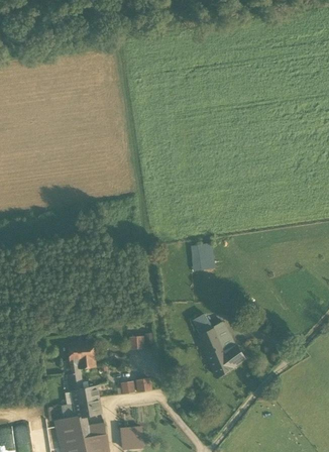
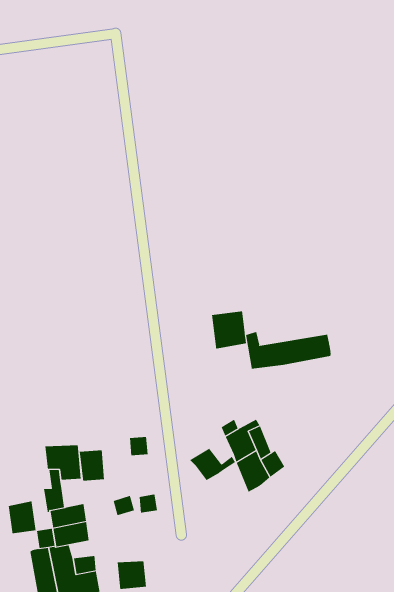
building: none -> [246,331,331,370]
building: none -> [189,448,236,481]
building: none -> [79,449,105,481]
building: none -> [8,501,36,534]

